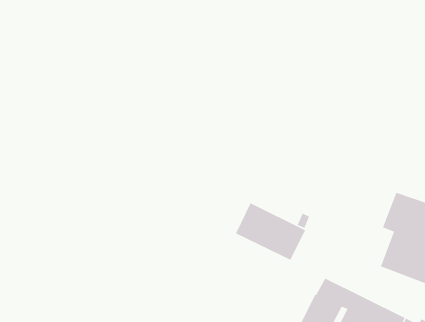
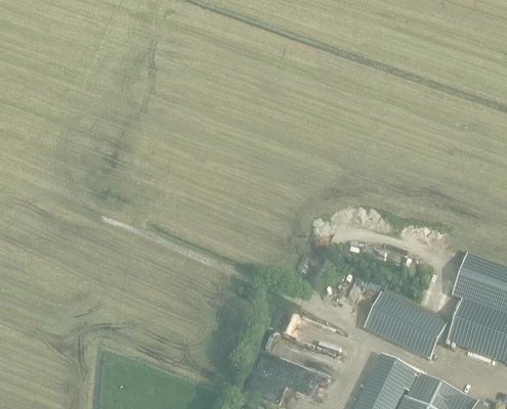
building: [235,202,306,260] -> [365,290,448,359]

